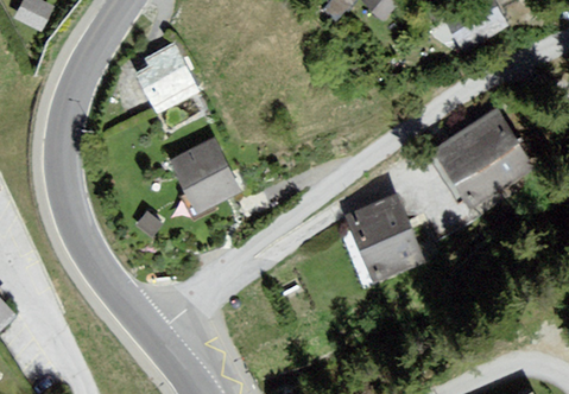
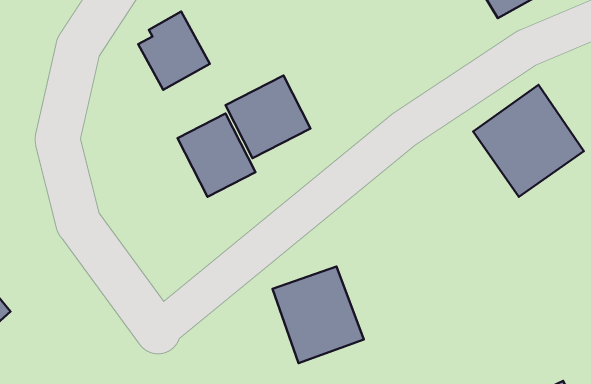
building: none -> [226,76,310,158]
building: [346,197,429,285] -> [272,267,364,363]

